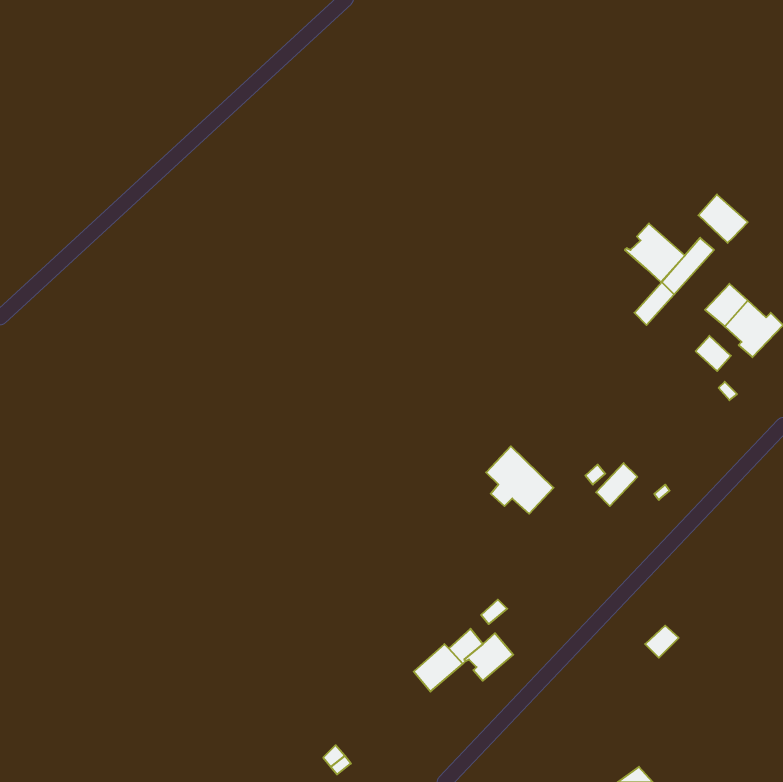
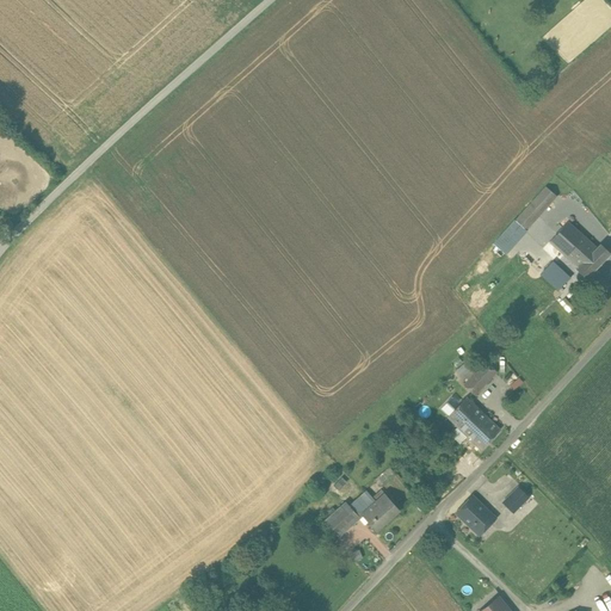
building: [698,194,748,243] -> none
building: [625,223,685,282] -> none
building: [486,446,554,514] -> [448,396,500,449]
building: none -> [455,495,495,535]

